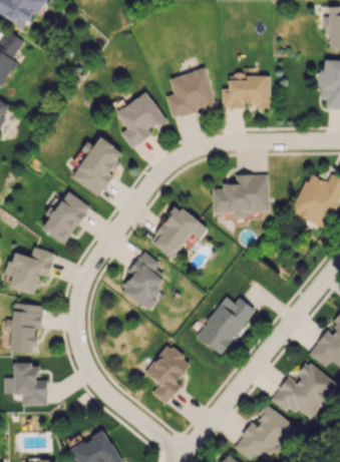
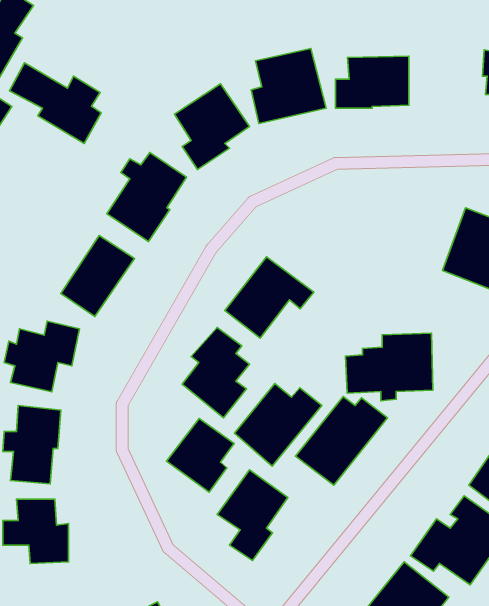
building: none -> [10,63,101,143]
building: [212,174,269,218] -> [346,333,433,401]
building: none -> [235,383,322,466]
building: none -> [167,418,234,492]

